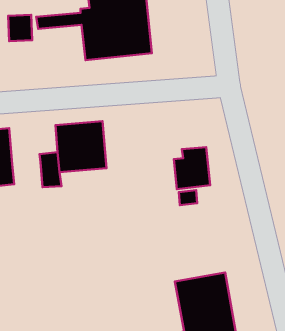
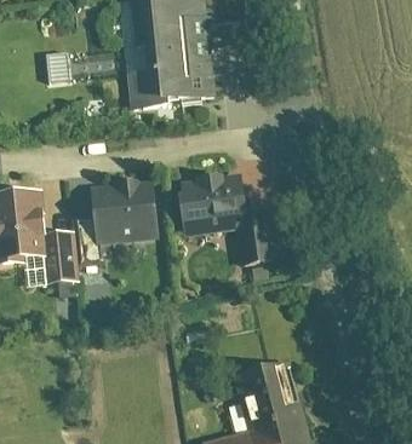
building: none -> [179,173,247,230]
building: none -> [41,229,80,282]

